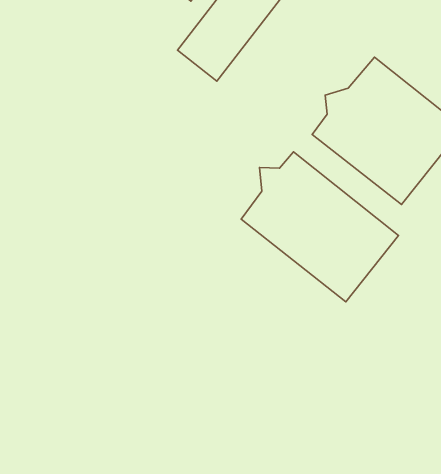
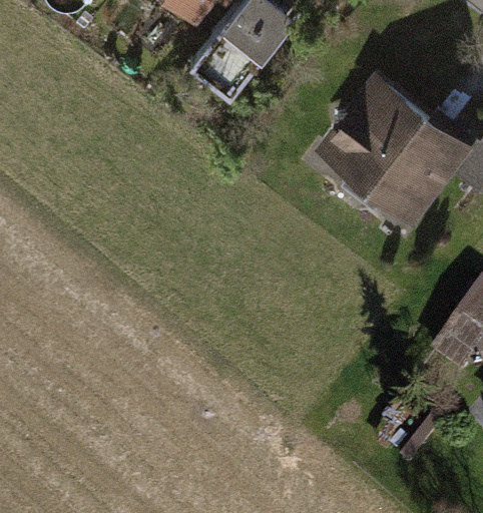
building: [241,152,399,302] -> none

